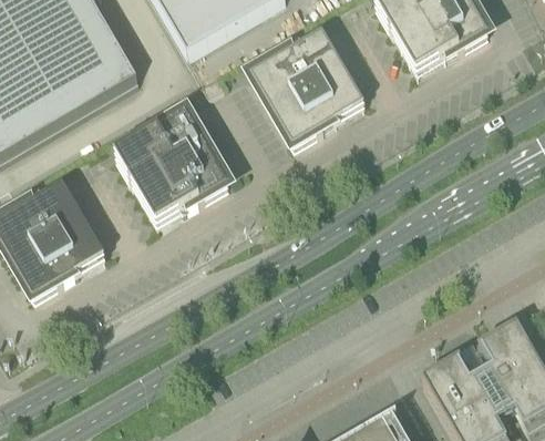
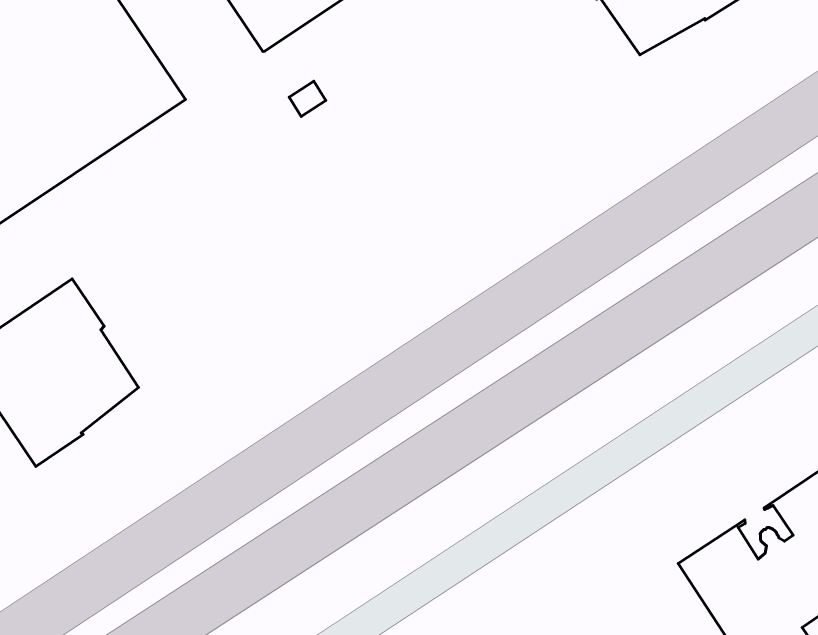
building: [253,32,360,143] -> none
building: [116,110,229,217] -> none

